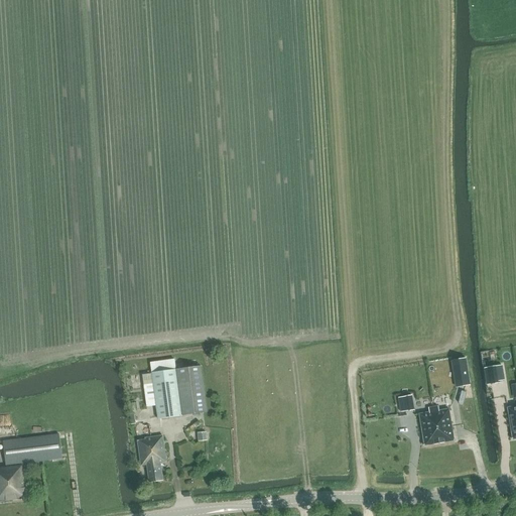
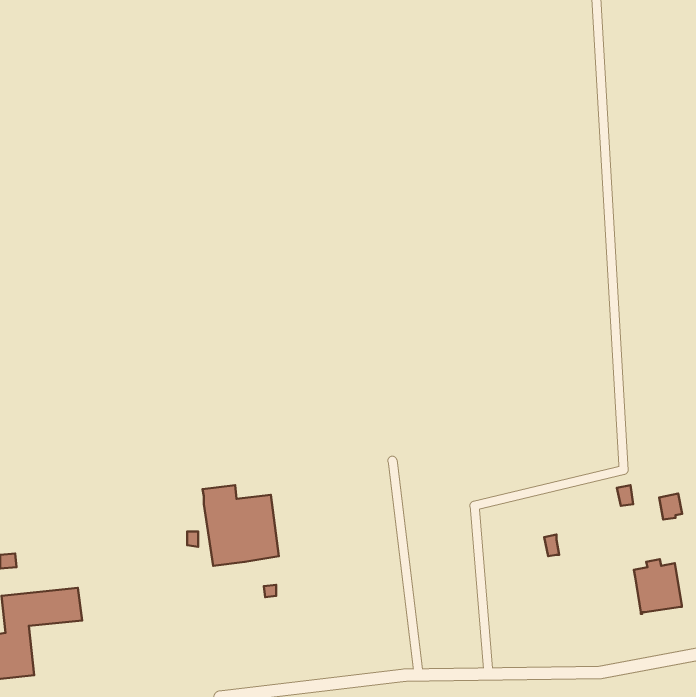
building: [417,405,453,445] -> [634,559,682,614]
building: [137,434,165,481] -> none

